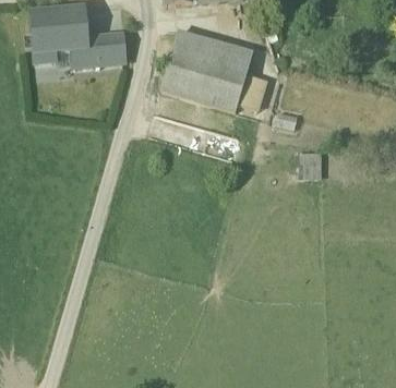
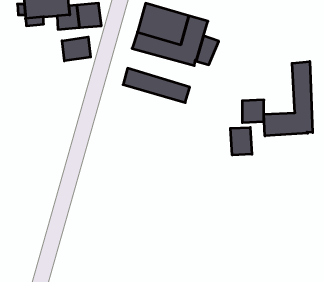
building: none -> [62,37,91,61]
building: none -> [264,61,313,136]
building: none -> [230,127,252,155]

